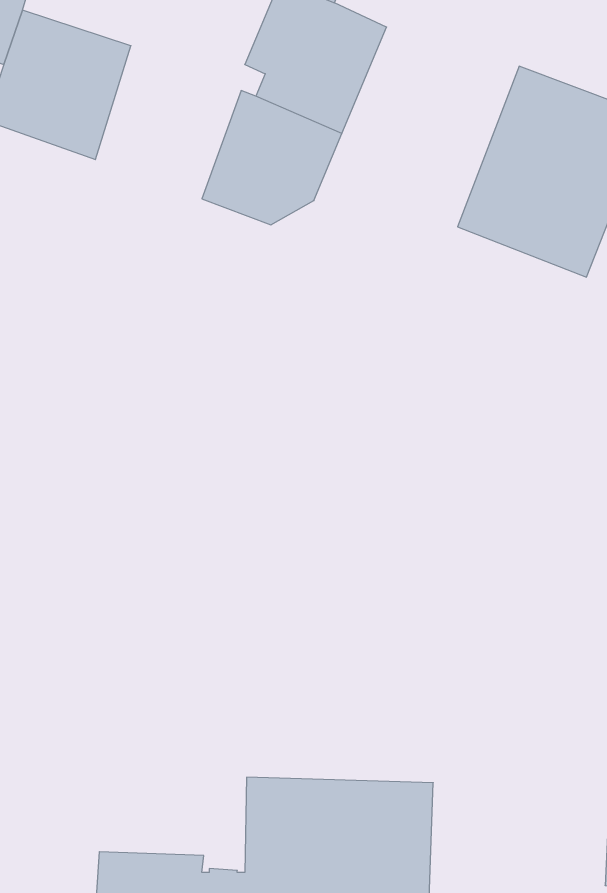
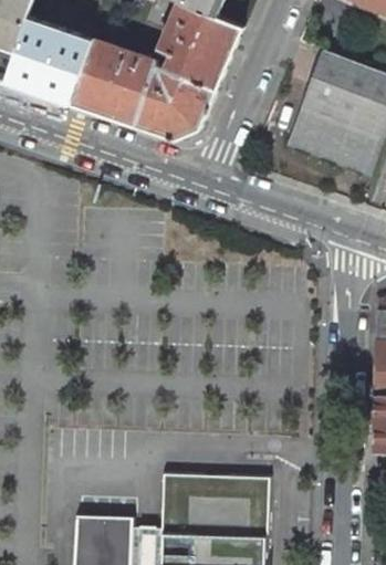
building: none -> [71,38,158,128]

